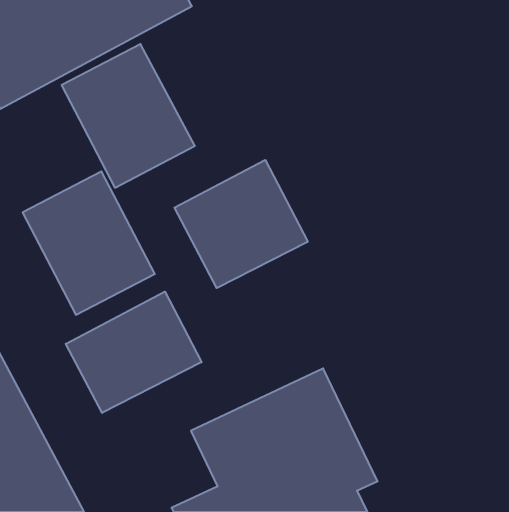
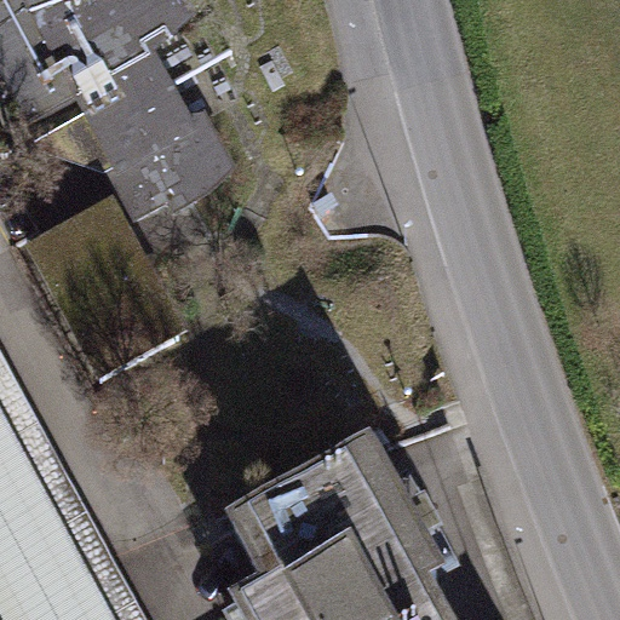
building: [174,160,308,288] -> none
building: [66,292,202,413] -> none

